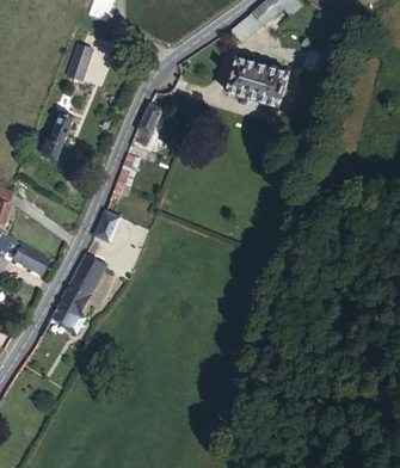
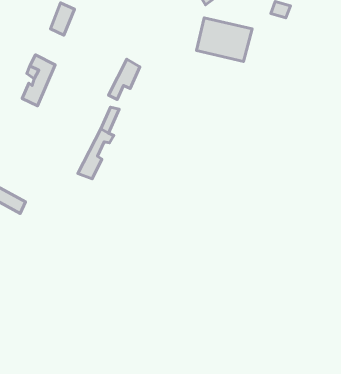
building: [56,252,107,328] -> none

